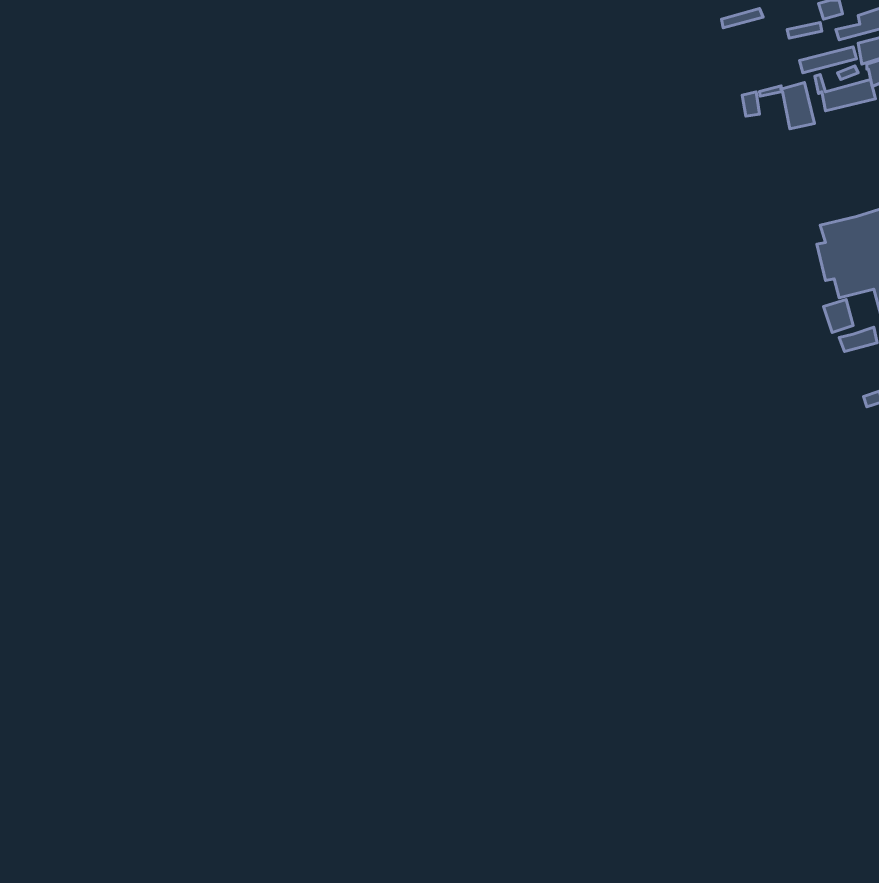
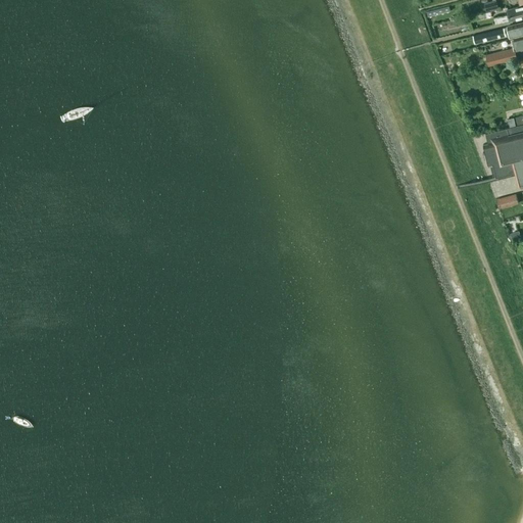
building: [760,82,814,129] -> none

